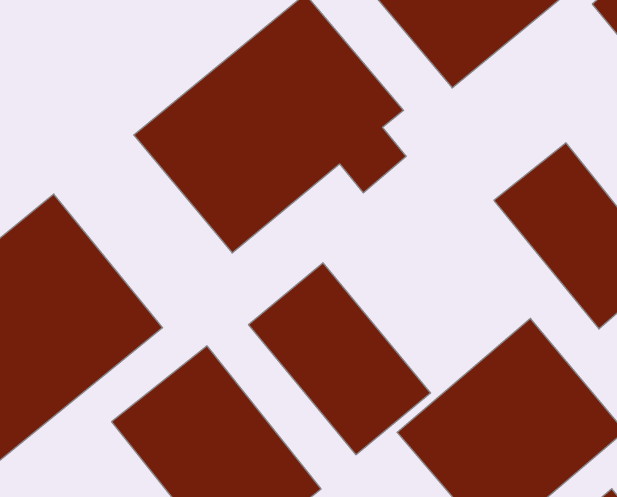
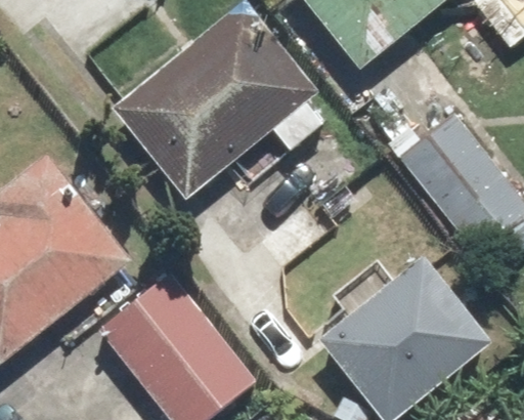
building: [249,263,431,455] -> none

